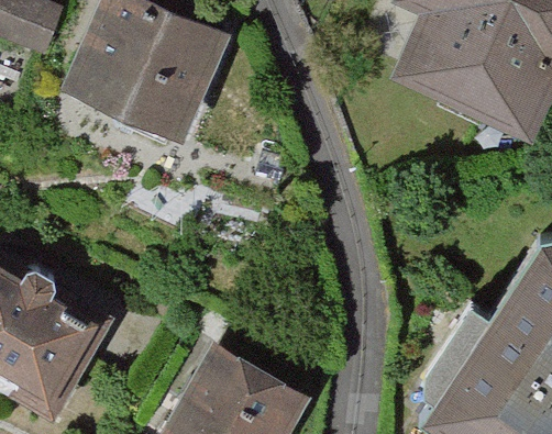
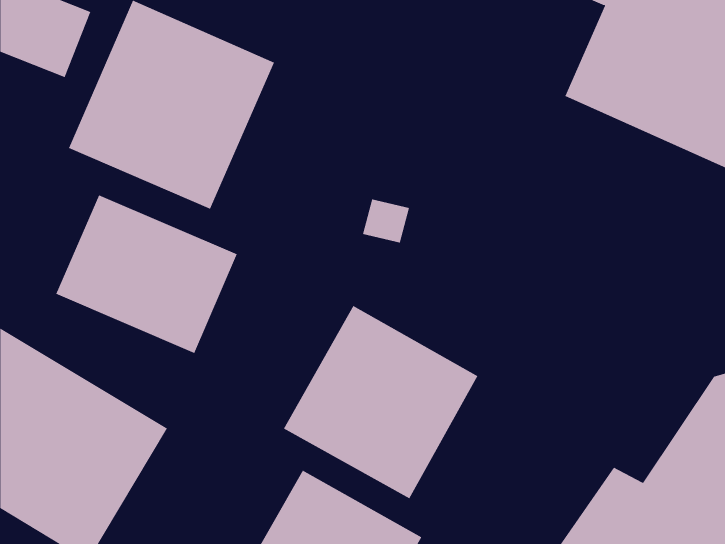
building: none -> [55,194,238,354]
building: none -> [283,305,478,499]

